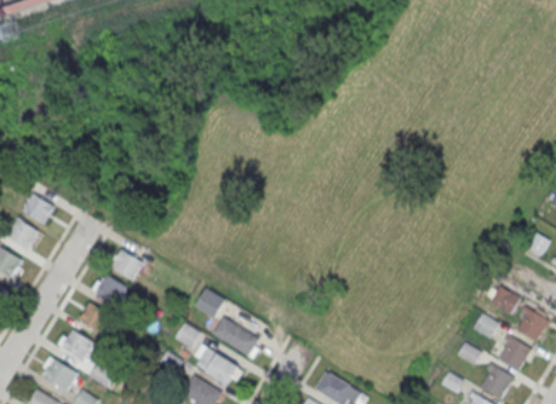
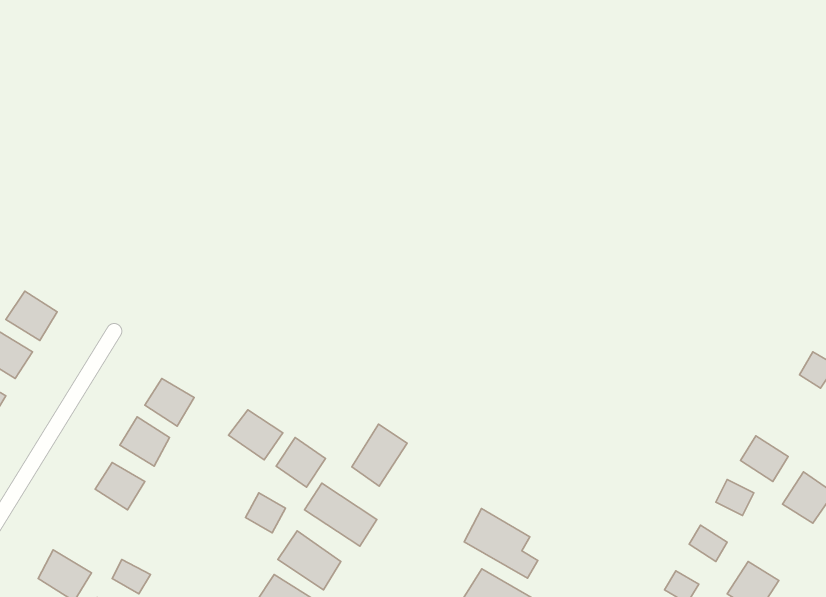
building: none -> [228,410,283,460]
building: none -> [352,424,407,486]
building: [62,329,97,360] -> none
building: none -> [464,508,538,578]
building: [498,337,531,370] -> none

